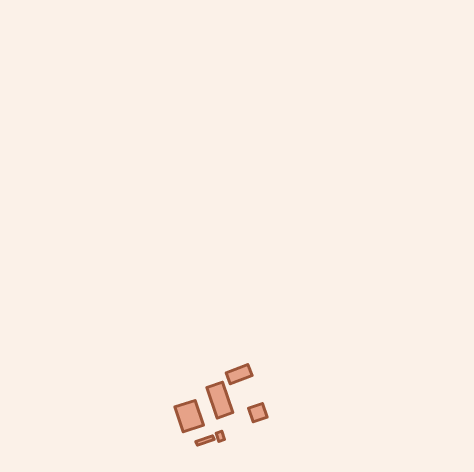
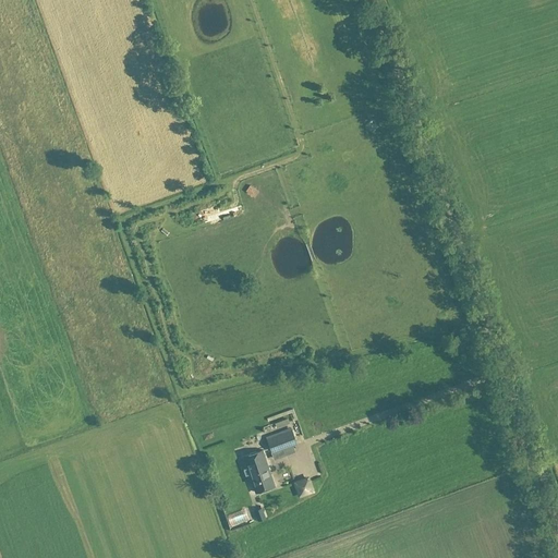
building: [175,400,203,432] -> none

